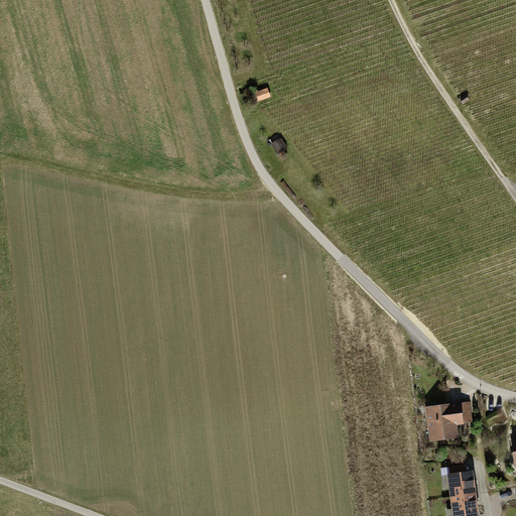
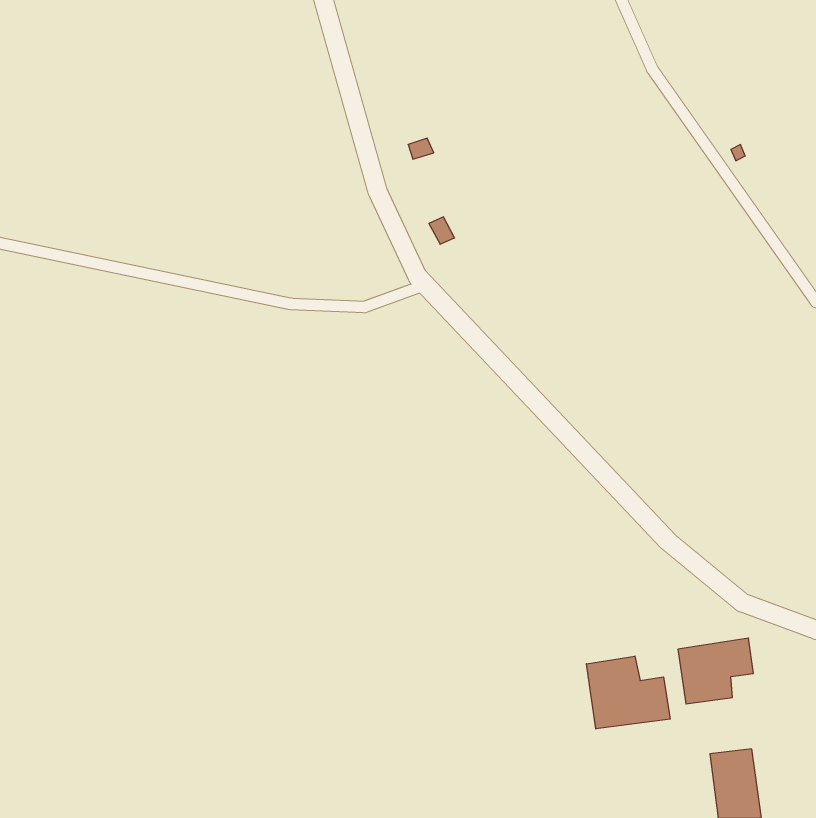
building: none -> [586,656,670,729]

